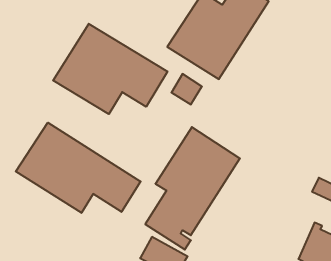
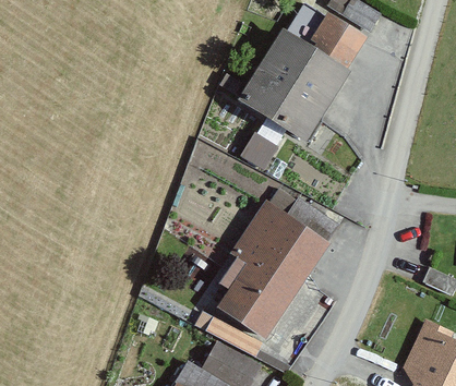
building: [53,24,167,114] -> none
building: [16,123,141,213] -> none

